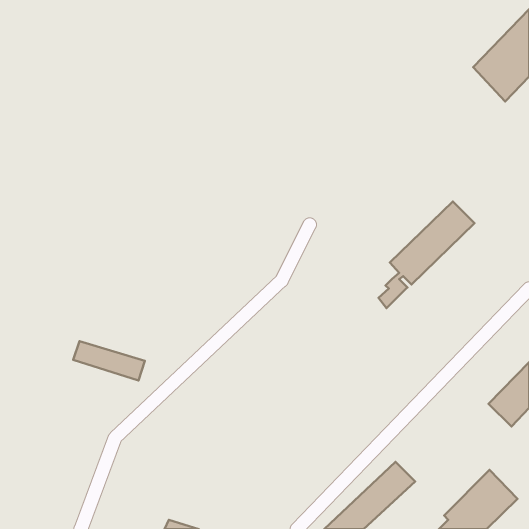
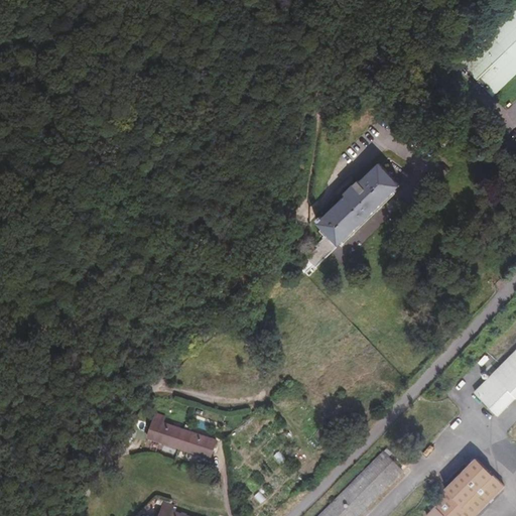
building: [378,202,475,308] -> [305,167,399,271]
building: [73,341,145,380] -> [146,418,216,457]

